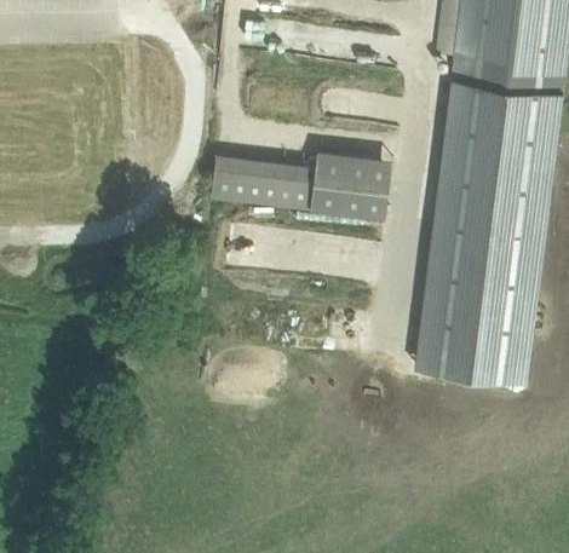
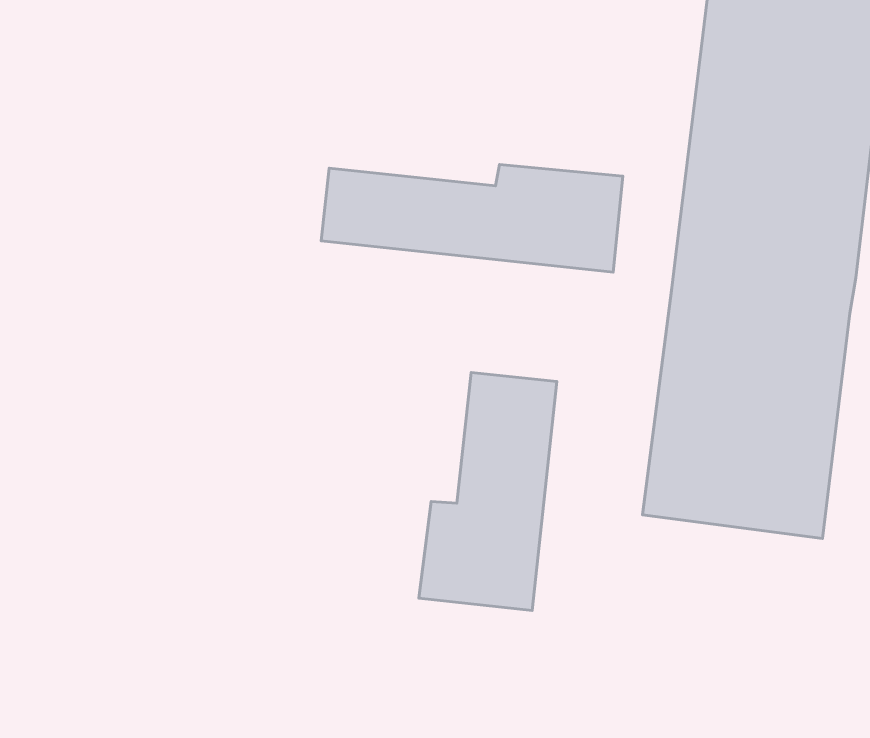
building: none -> [419,372,557,611]

